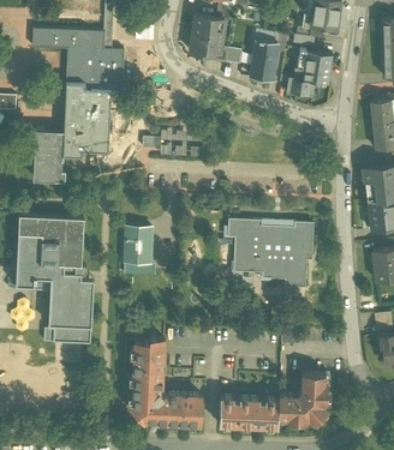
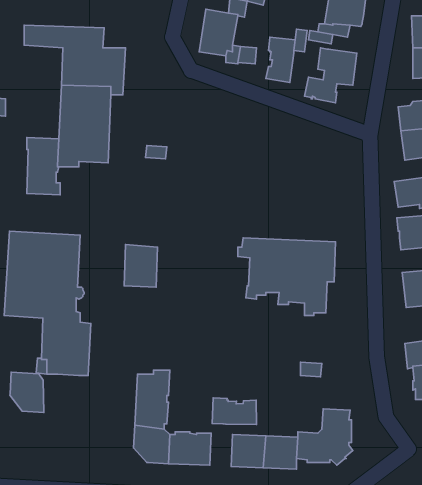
building: none -> [10,372,44,412]
building: none -> [212,398,257,424]

